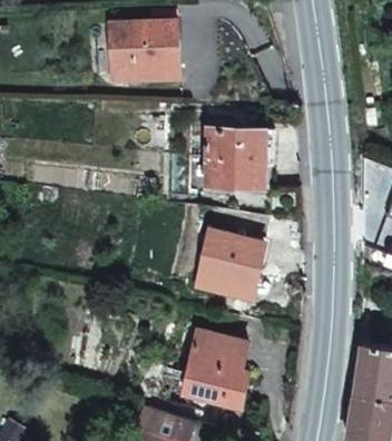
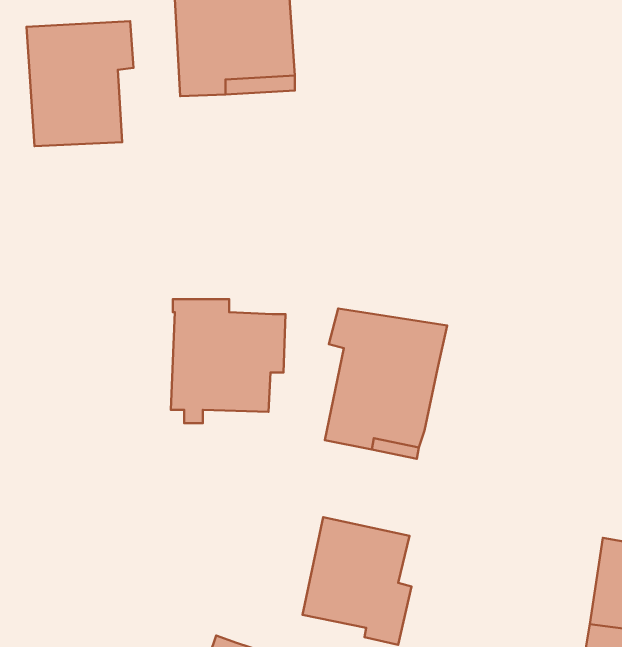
building: none -> [27,21,134,146]
building: [205,122,273,196] -> [171,299,286,423]

